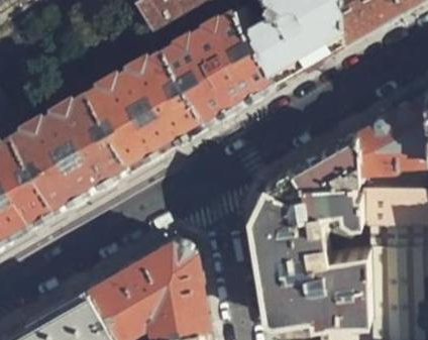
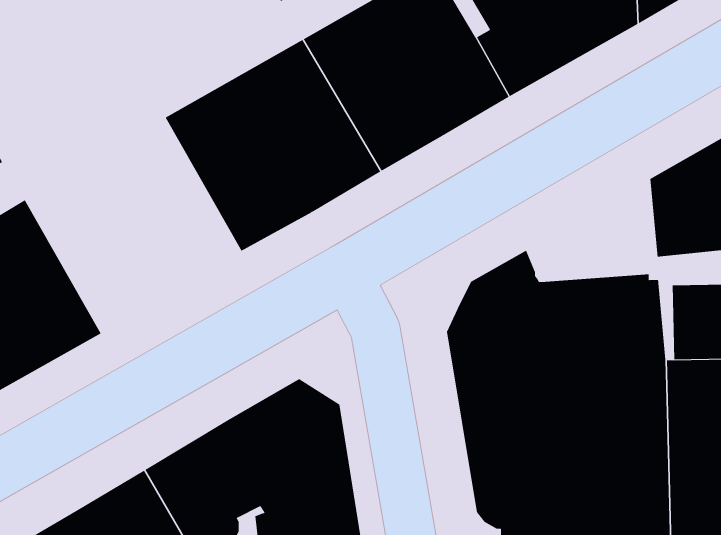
building: [17,92,134,209] -> none
building: [289,125,360,181] -> none

